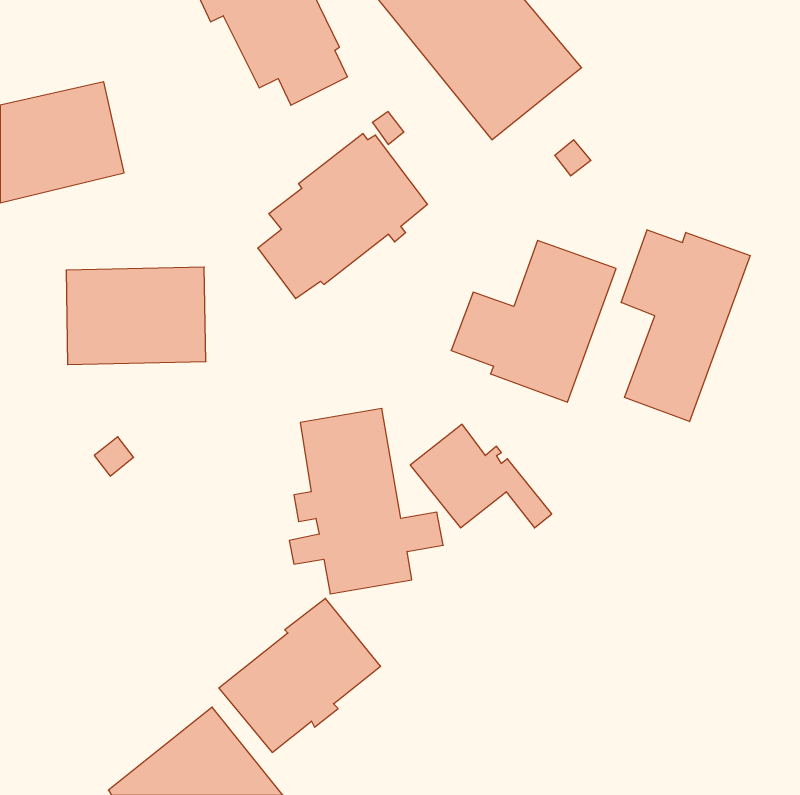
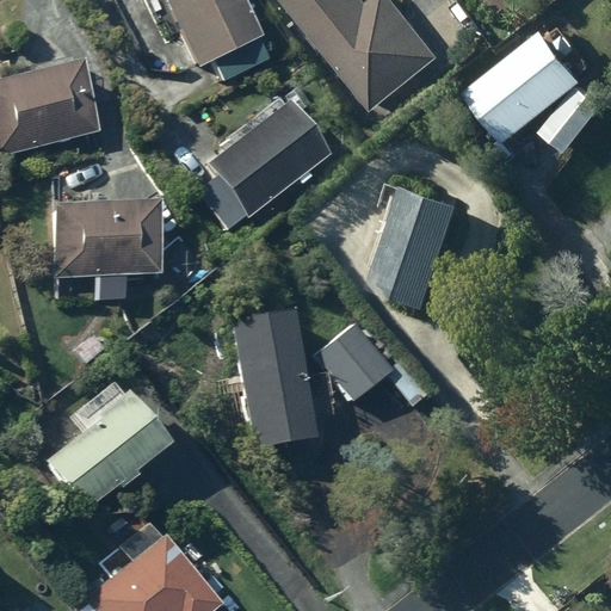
building: none -> [464,25,600,147]
building: [621,230,750,422] -> none
building: [219,598,381,752] -> [47,393,169,510]

